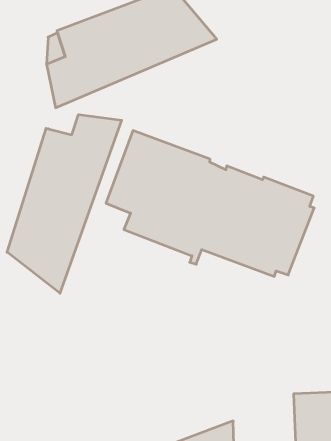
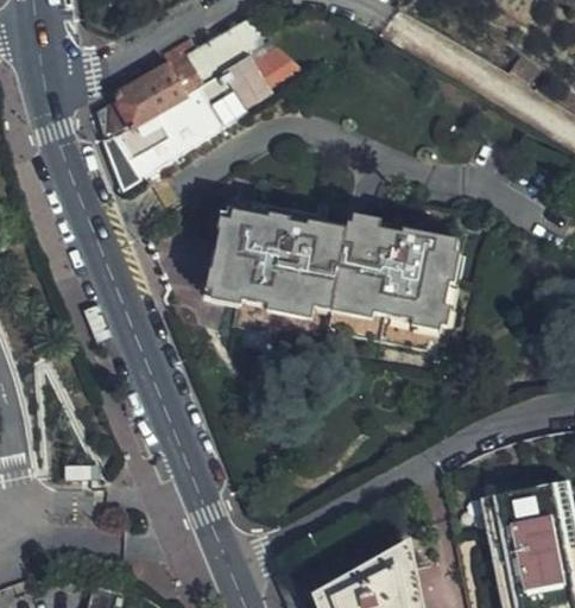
building: [7,115,122,293] -> none

